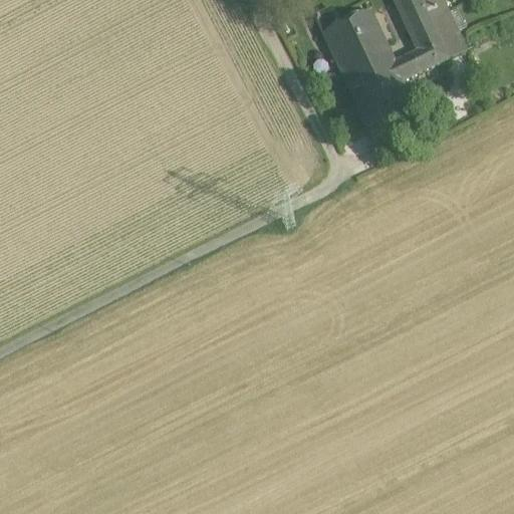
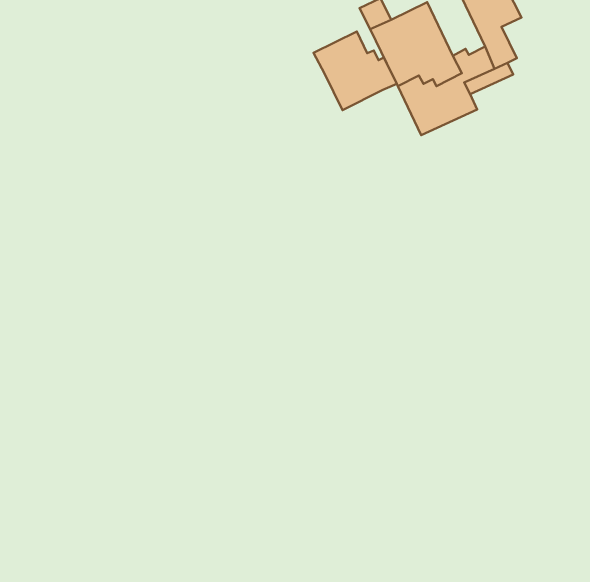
building: [433,15,463,50] -> none
building: none -> [314,31,397,110]

